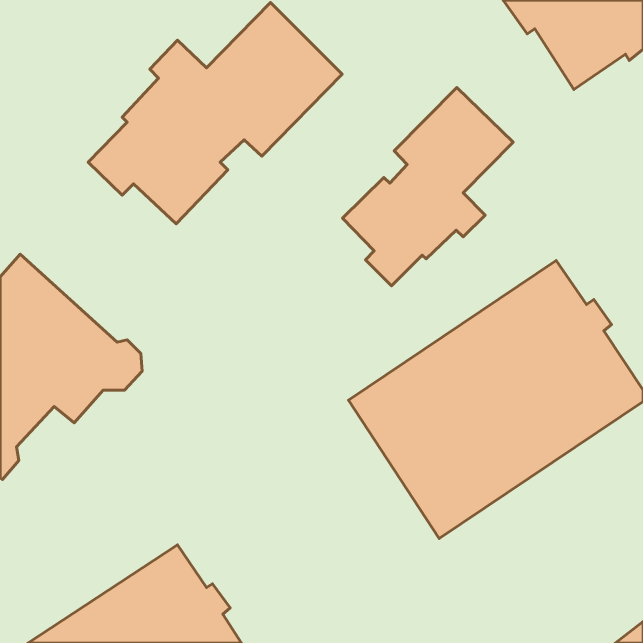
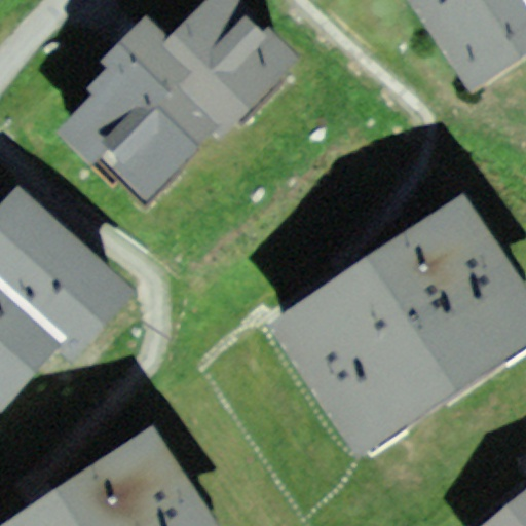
building: [342,87,513,286] -> none

